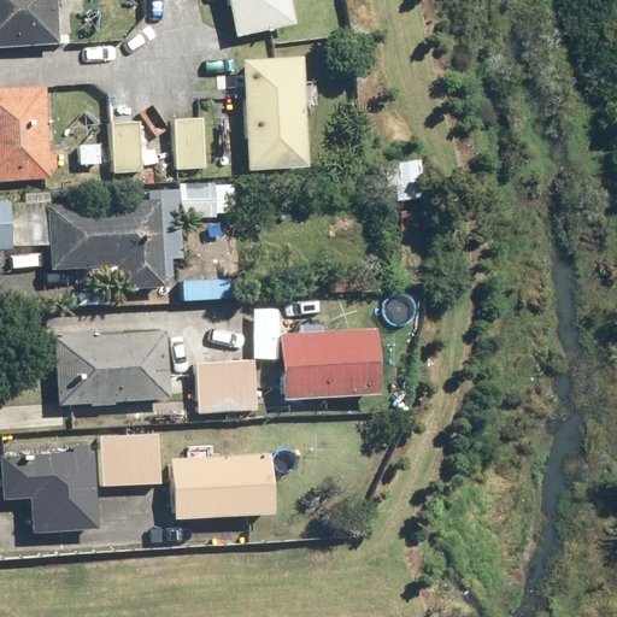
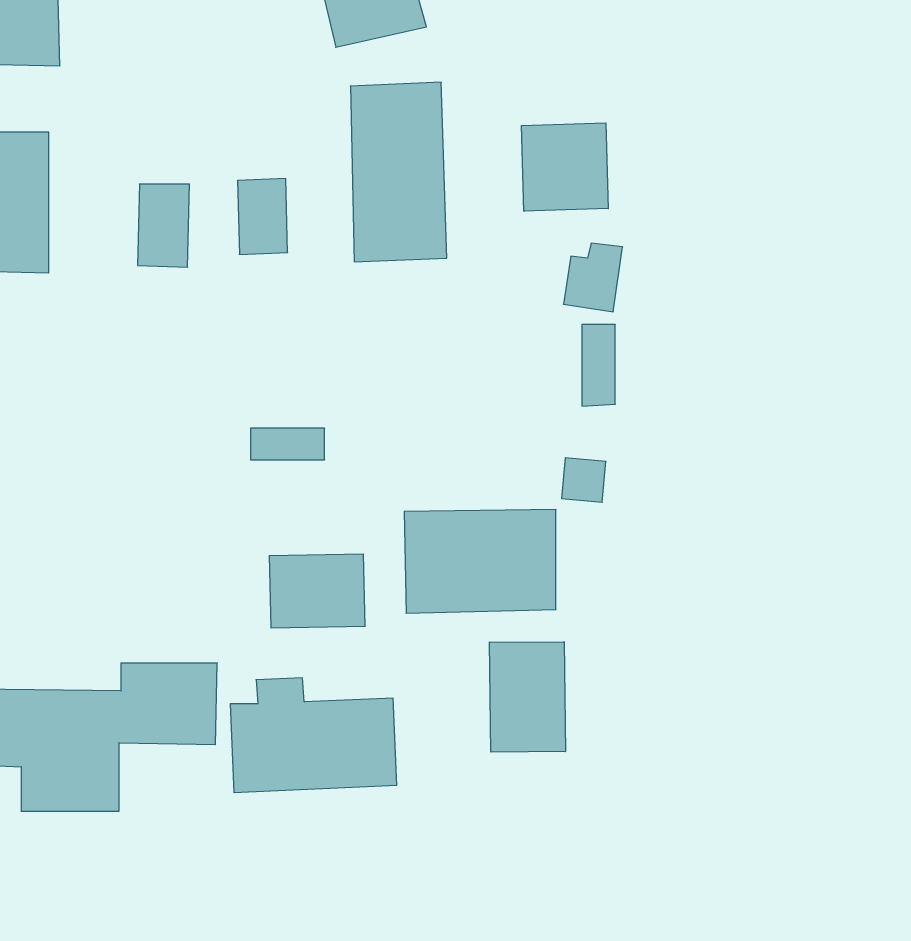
building: none -> [522,123,608,211]
building: [49,182,247,287] -> none
building: [55,329,169,401] -> none
building: none -> [490,642,565,752]

